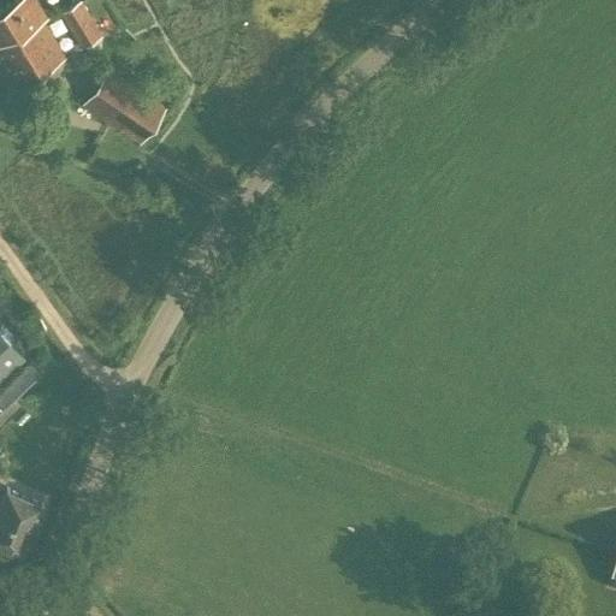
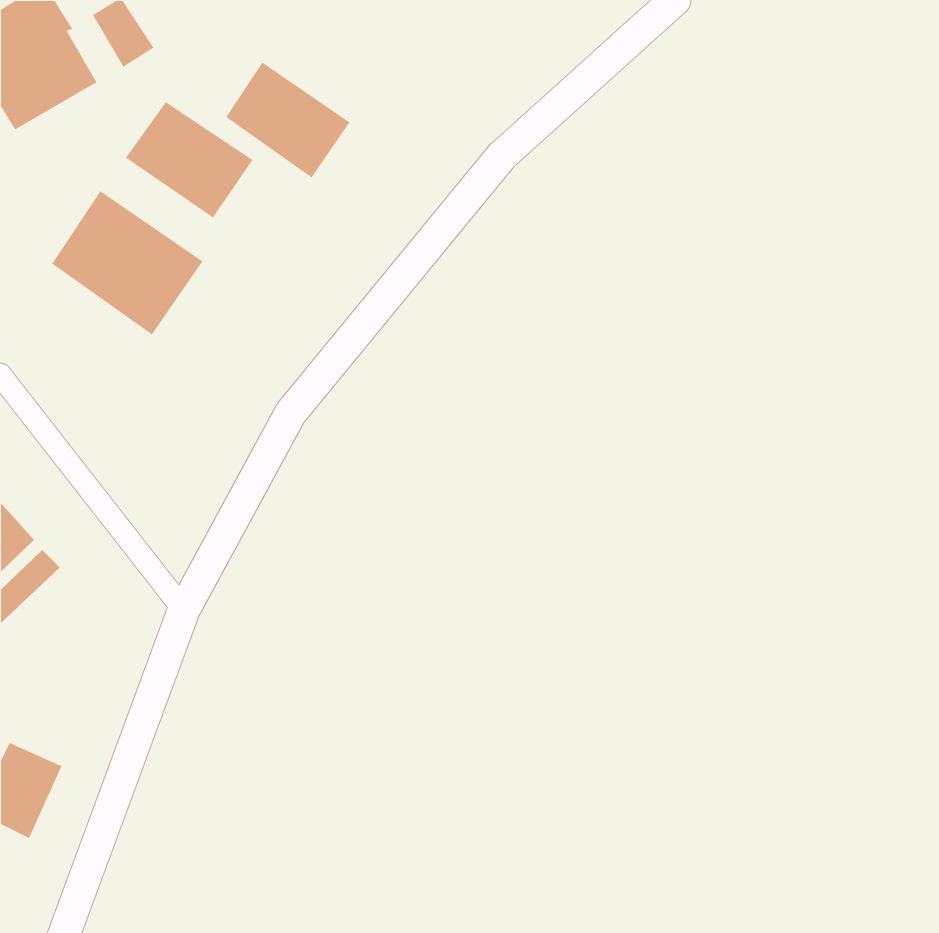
building: none -> [225,61,350,178]
building: none -> [51,190,203,336]

